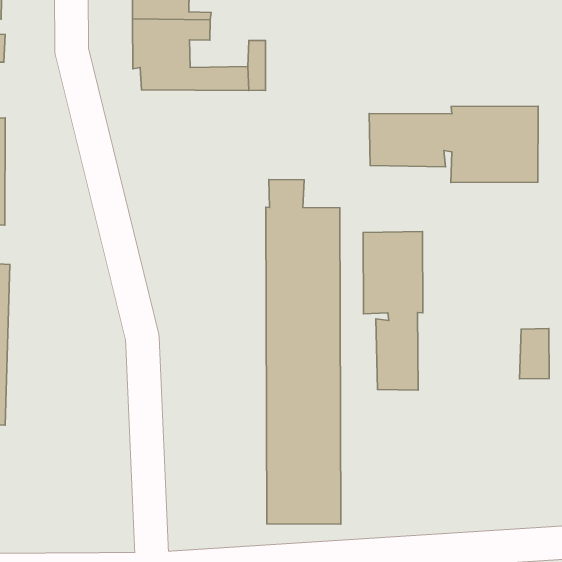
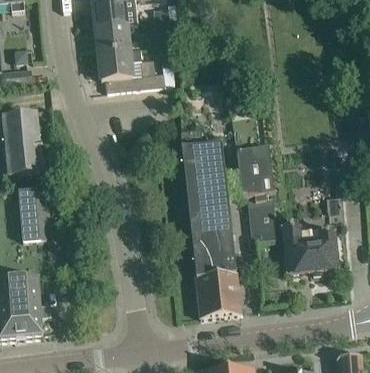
building: [369,106,538,183] -> none
building: none -> [283,223,338,272]

